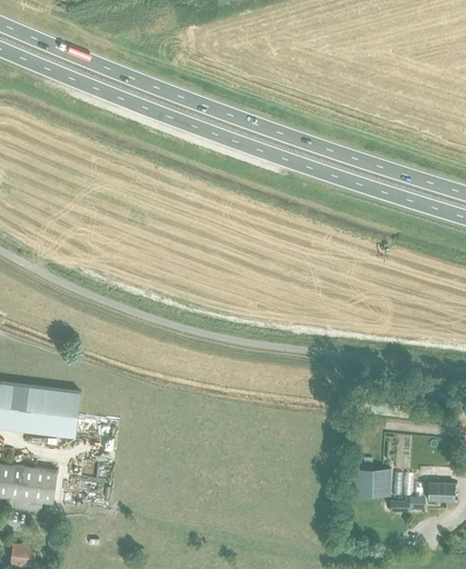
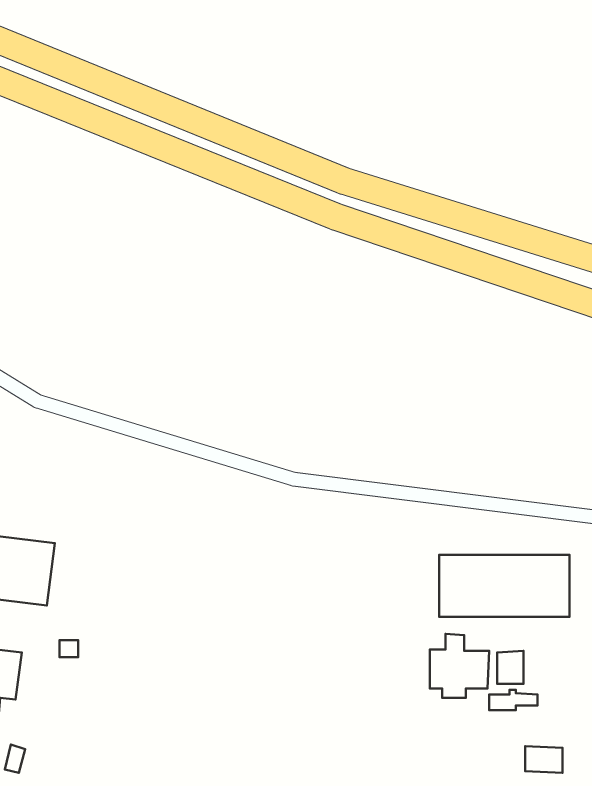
building: none -> [439,555,570,617]
building: [428,482,455,501] -> [525,746,563,773]

